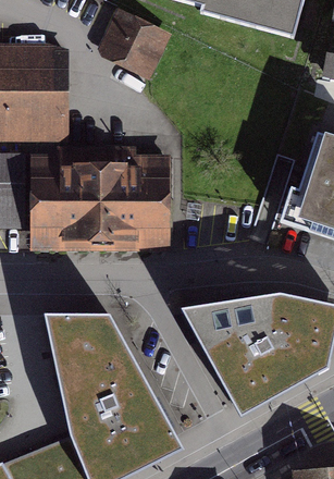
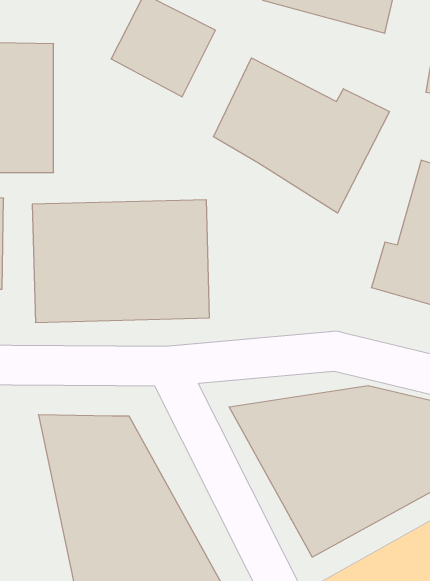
building: none -> [213,58,389,213]

